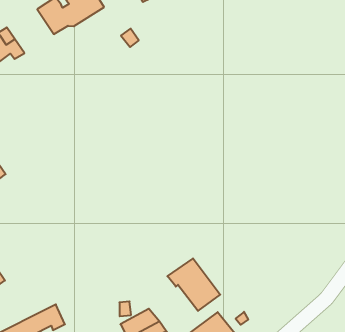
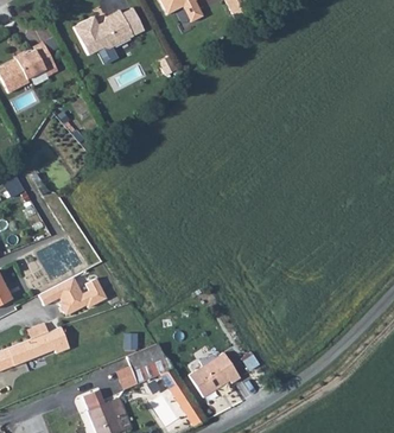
building: none -> [39,276,107,313]
building: [167,258,220,311] -> none

